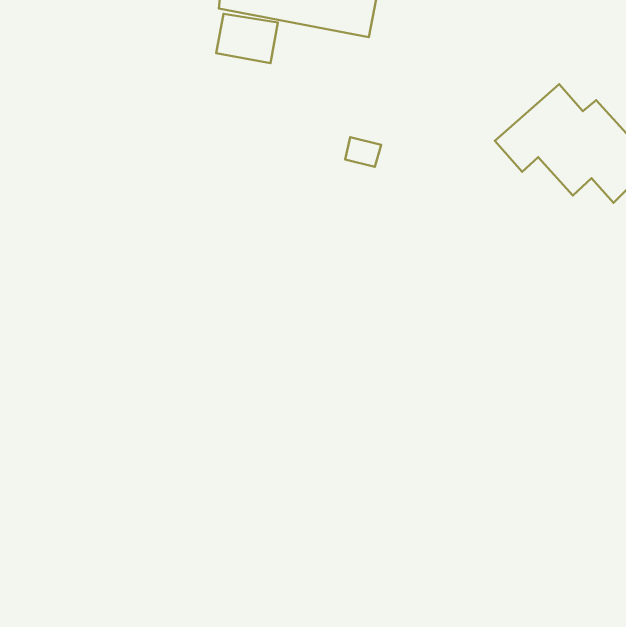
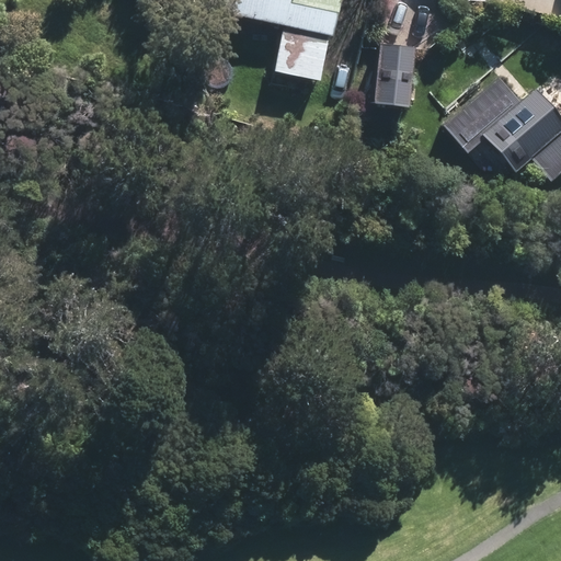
building: [216,14,278,63] -> [275,34,330,78]
building: none -> [371,41,421,108]

